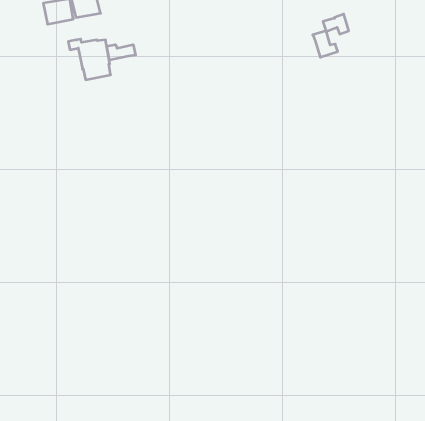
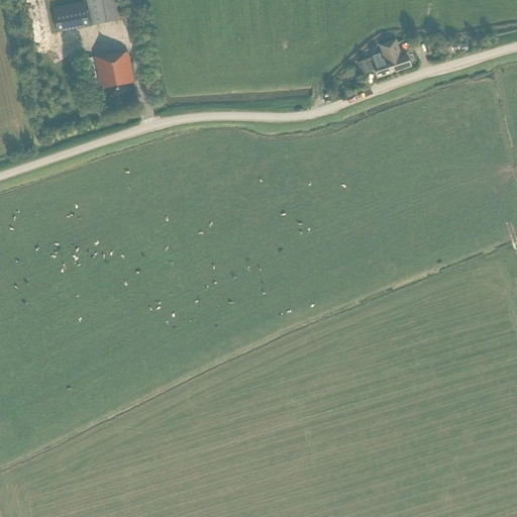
building: [323,14,349,34] -> [357,49,389,74]
building: [107,45,136,60] -> none

